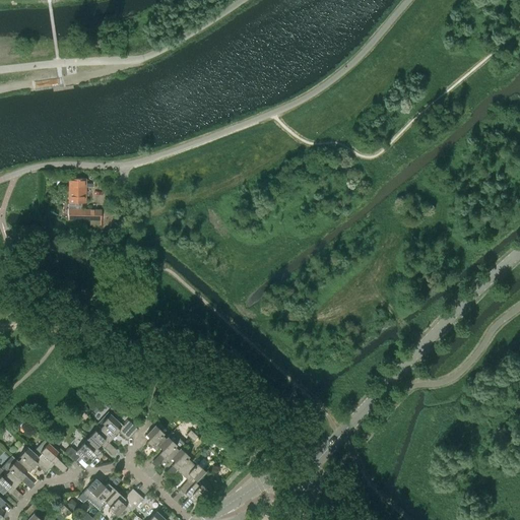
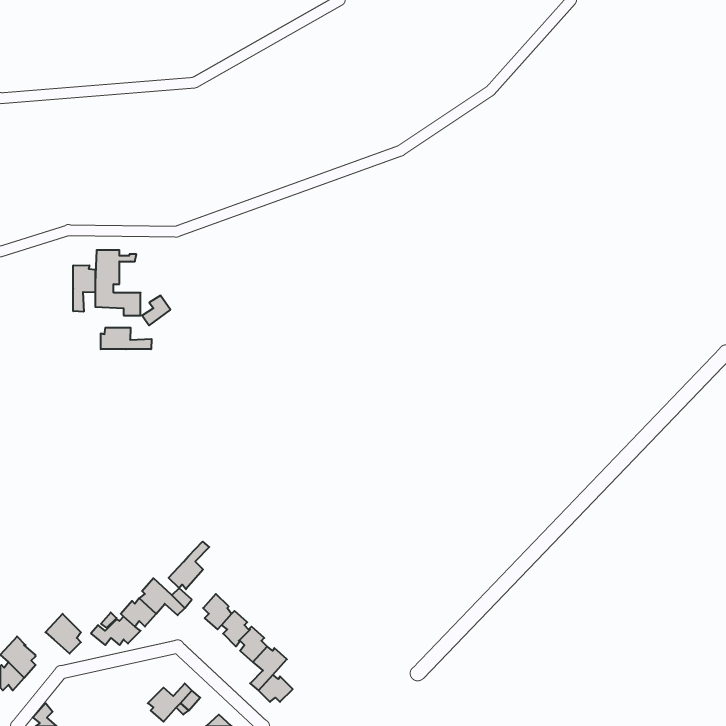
building: none -> [73,265,95,312]
building: none -> [101,328,152,349]
building: none -> [169,542,209,589]
building: [17,447,50,473] -> none
building: [82,474,121,509] -> none

